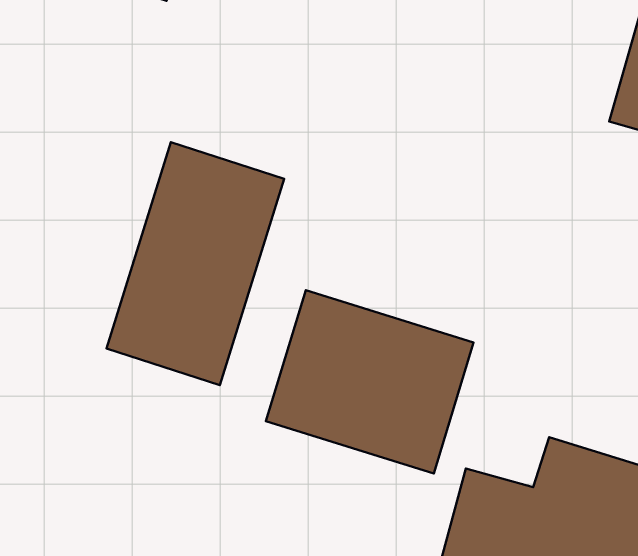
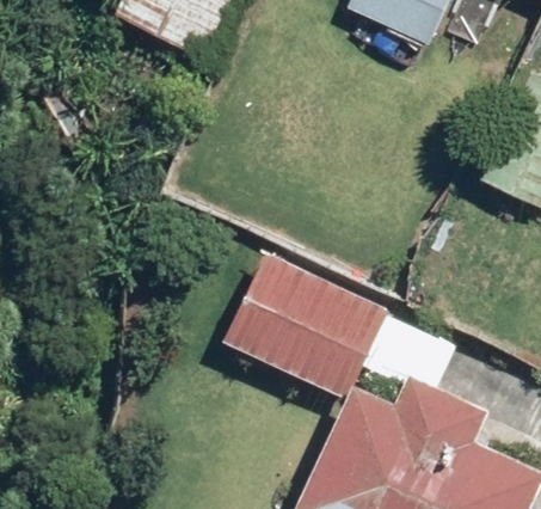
building: [106,142,284,385] -> none

